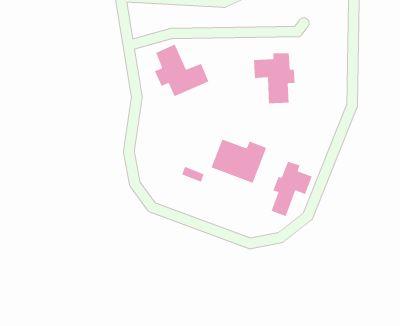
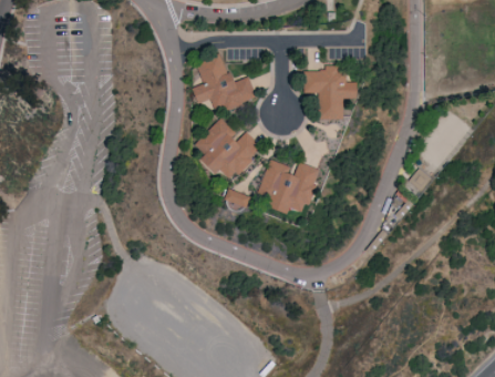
building: none -> [195,120,262,181]
building: [270,161,313,217] -> none

